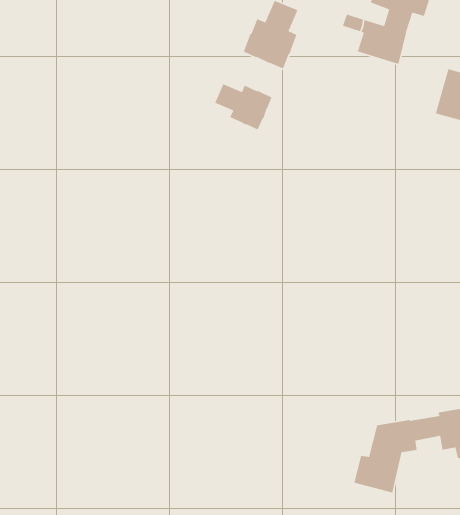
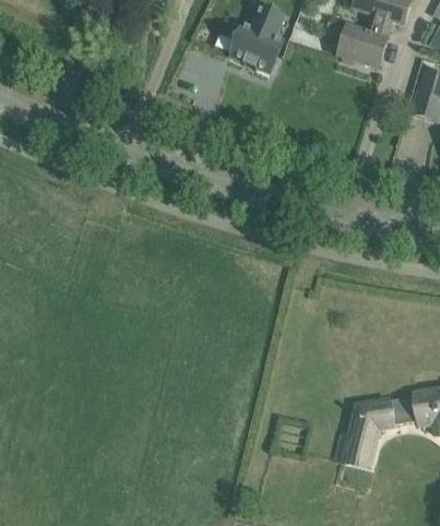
building: [214,83,273,131] -> none

